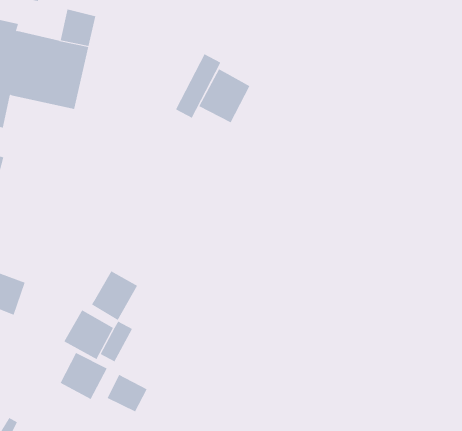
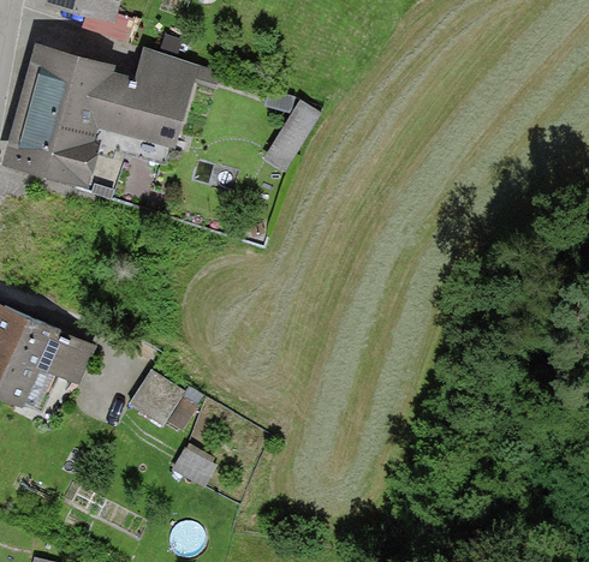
building: [198,68,250,123] -> none
building: [91,271,138,321] -> none
building: [60,352,107,400] -> none

